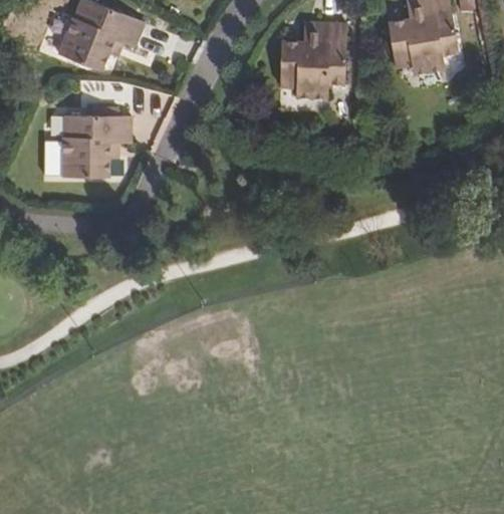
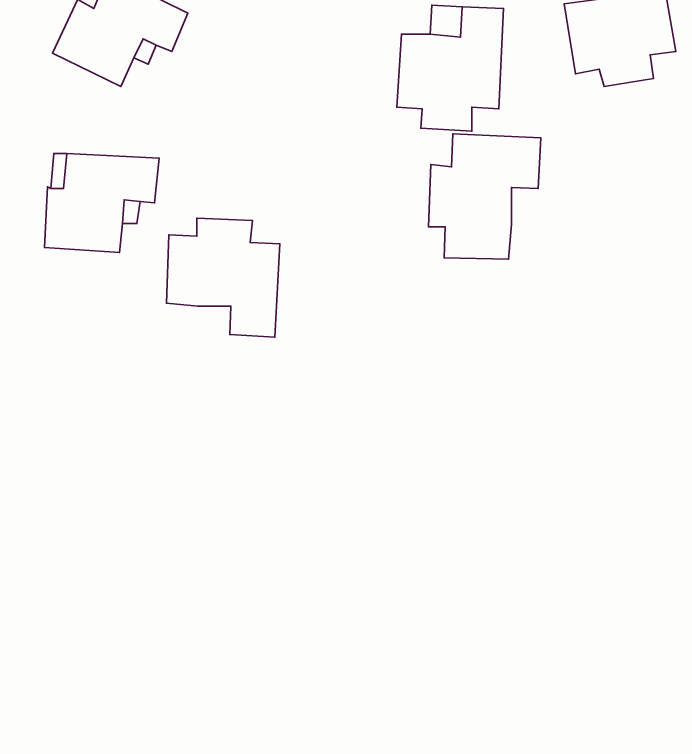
building: none -> [428,134,541,259]
building: none -> [167,218,280,337]

